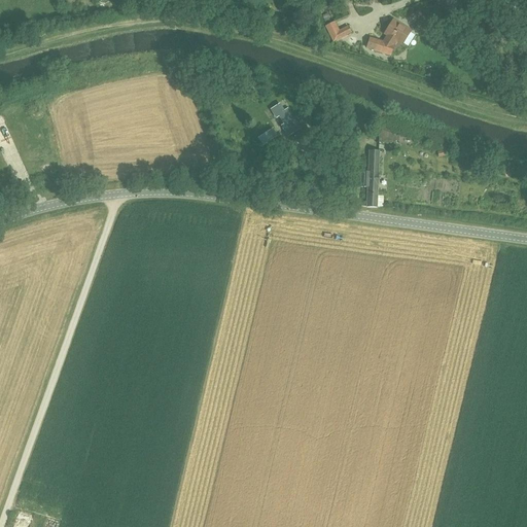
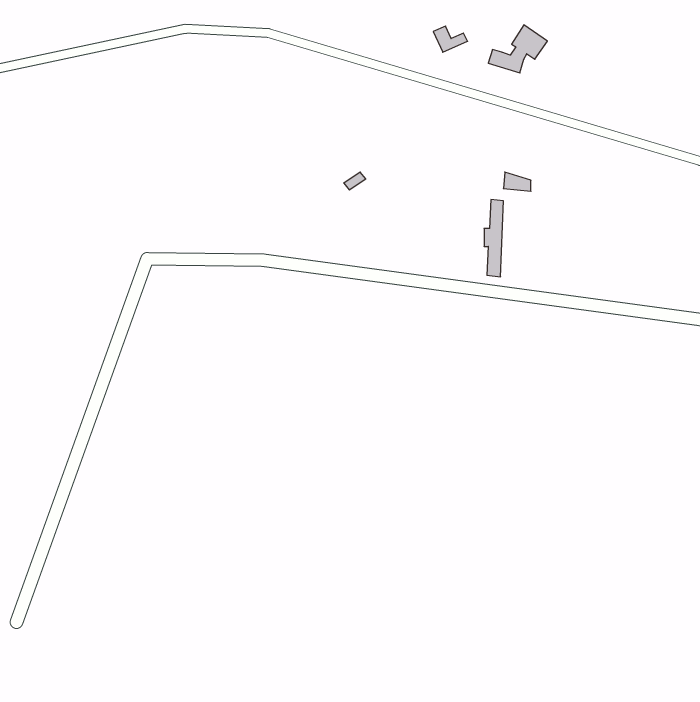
building: [269,103,298,135] -> none

